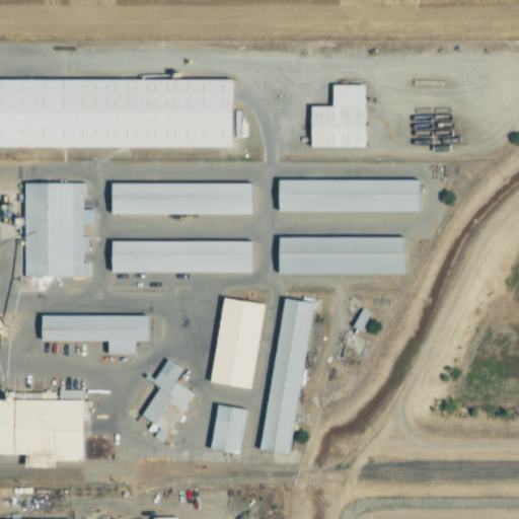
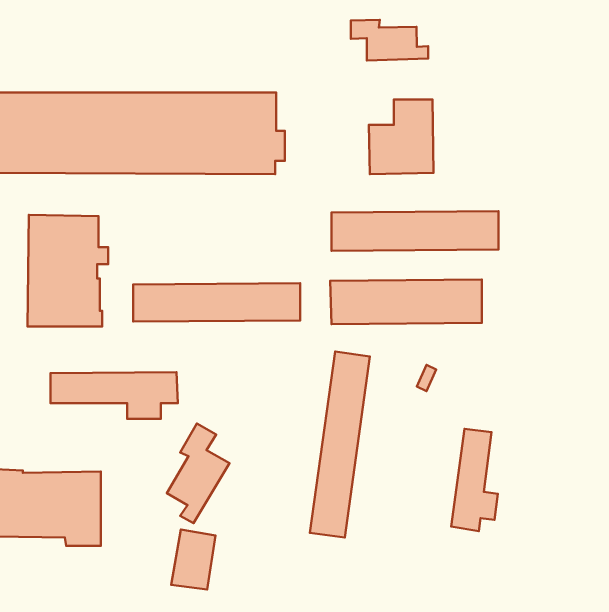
building: none -> [351,20,428,60]
building: [113,182,252,215] -> none
building: [211,297,264,390] -> none
building: none -> [451,429,498,531]
building: [210,404,247,455] -> [171,530,216,590]

